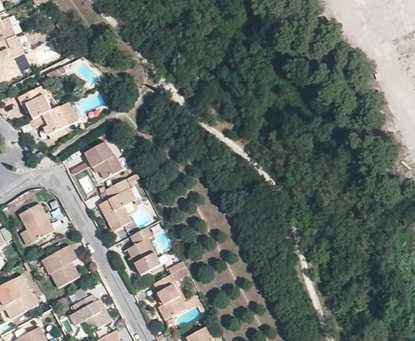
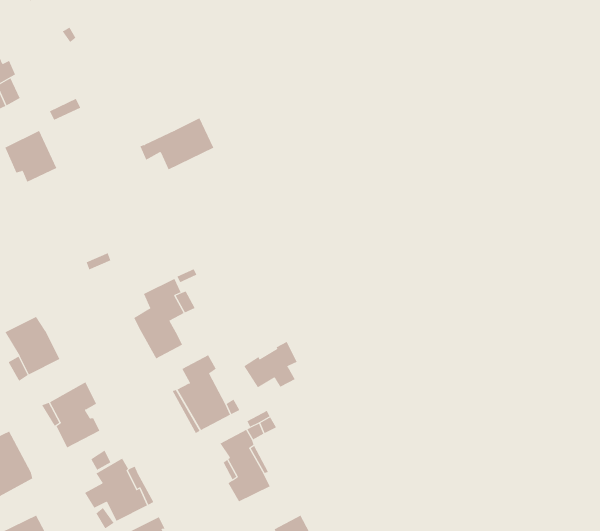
building: [29,102,76,135] -> [139,118,214,170]
building: [84,141,122,178] -> none
building: none -> [244,341,298,388]

